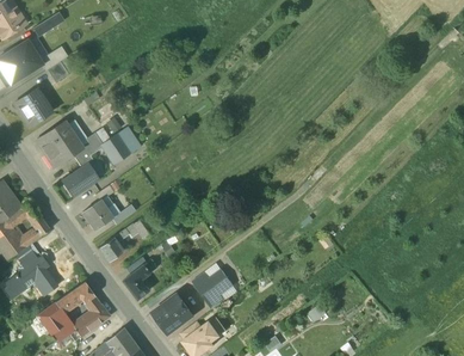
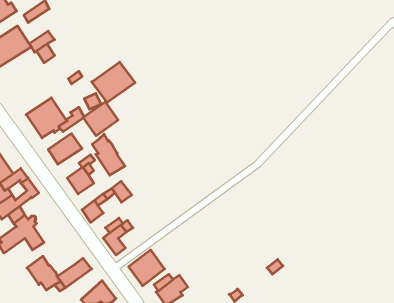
building: none -> [92,62,135,102]
building: [14,88,49,127] -> none
building: none -> [92,134,125,175]
building: [191,269,233,311] -> none
building: [55,281,100,312] -> none

